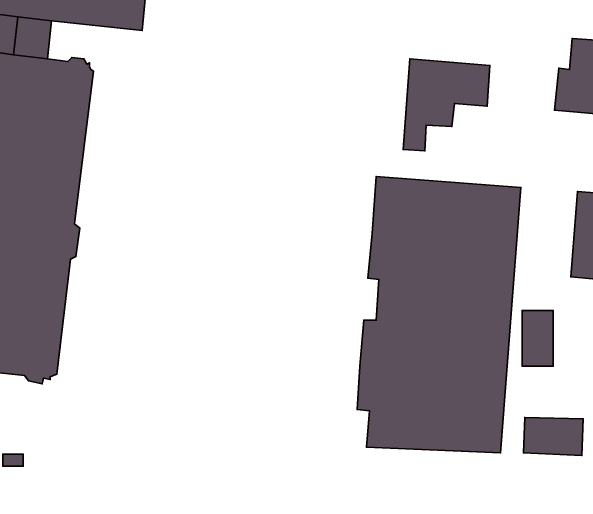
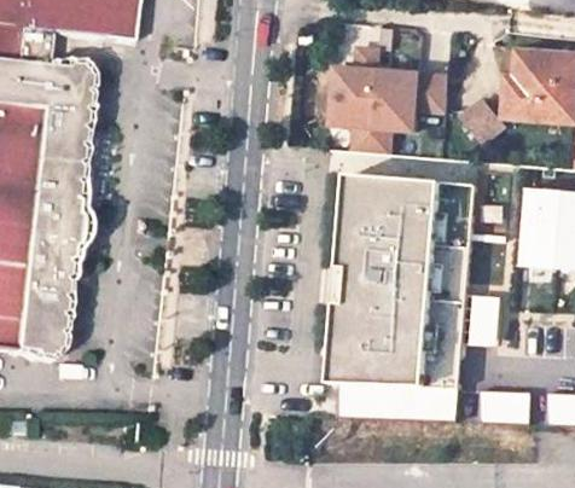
building: none -> [330,48,376,150]
building: none -> [459,95,509,145]

